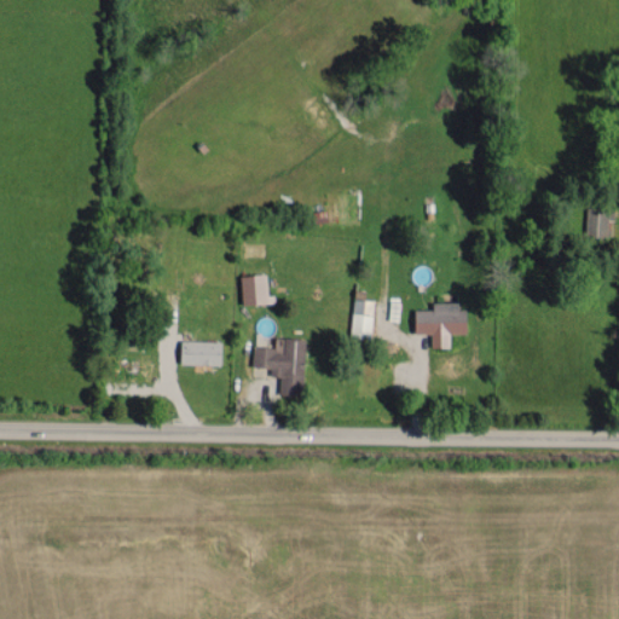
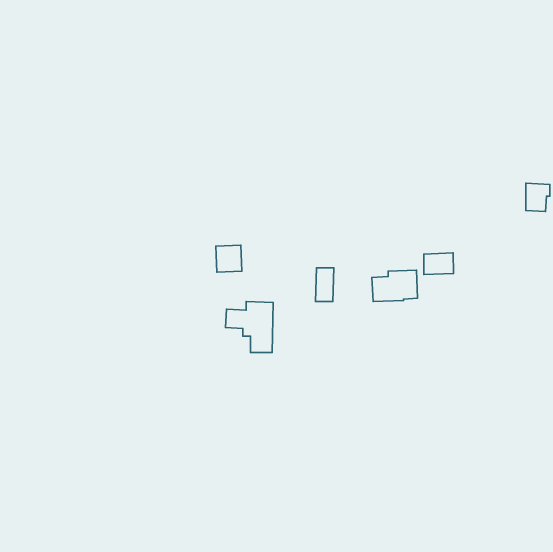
building: none -> [424,253,454,275]
building: [181,342,222,366] -> none

